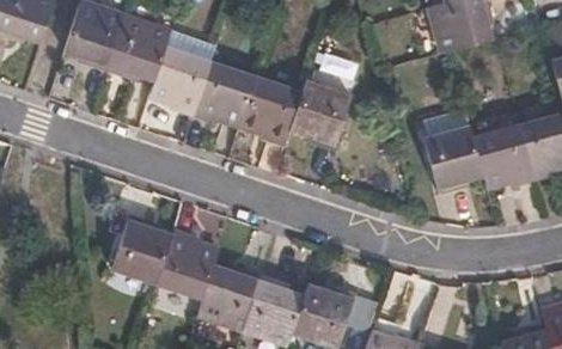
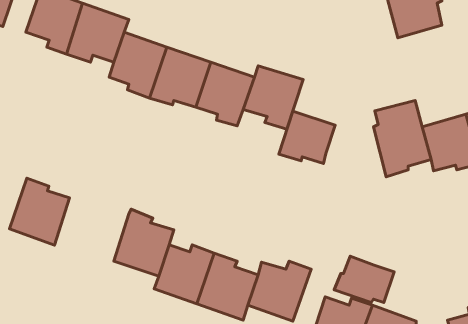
building: none -> [279,111,335,163]
building: [108,214,170,283] -> [9,178,70,245]
building: none -> [334,256,394,303]

